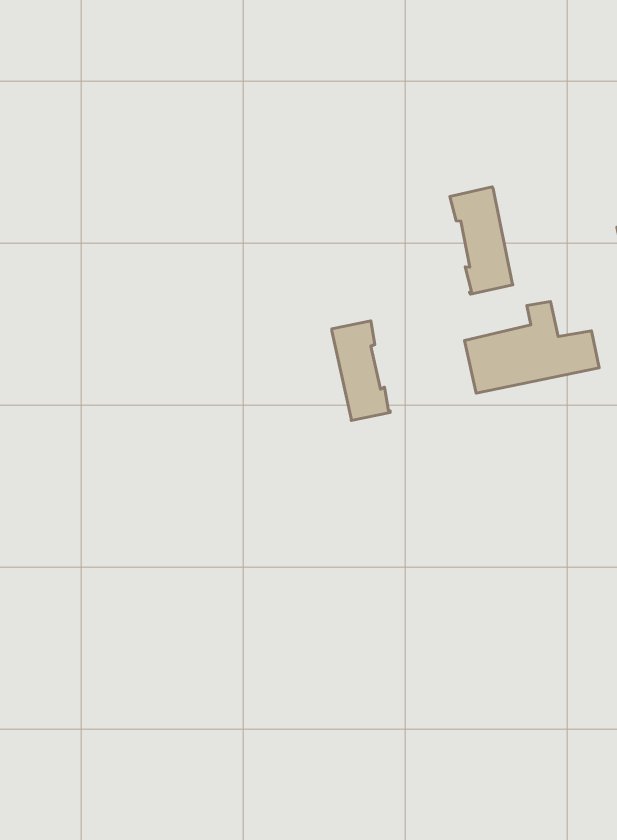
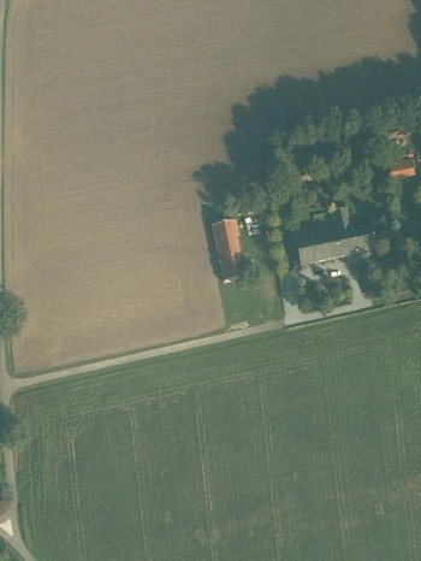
building: [450,187,513,294] -> none

